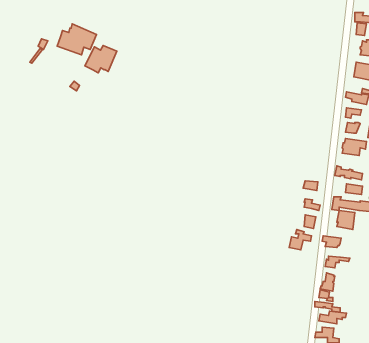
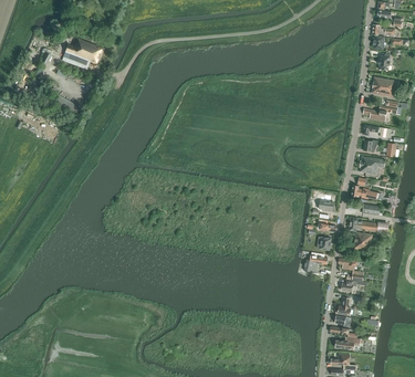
building: [85,45,117,73] -> none

